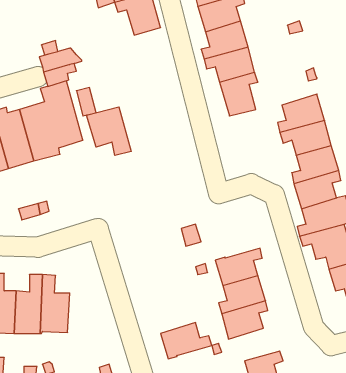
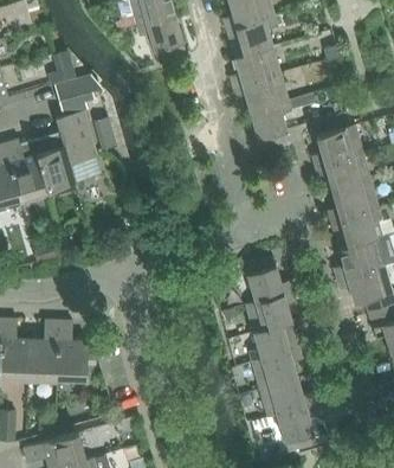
building: [86,107,131,155] -> none
building: none -> [245,256,293,302]
building: [161,323,212,359] -> [259,378,315,417]

